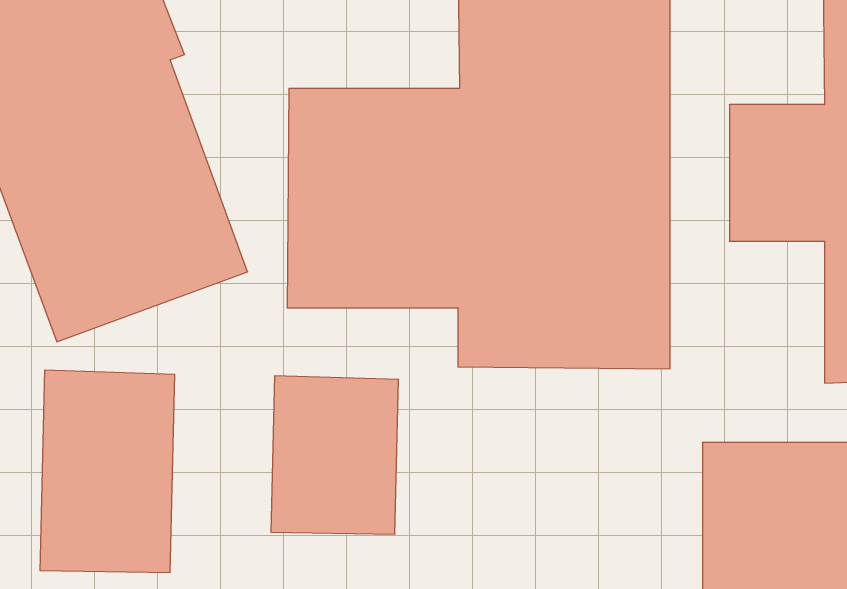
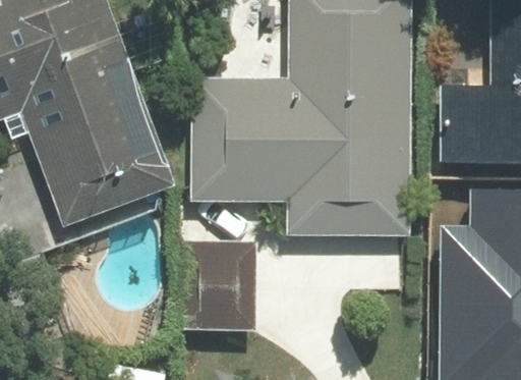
building: [40,370,174,573] -> none

